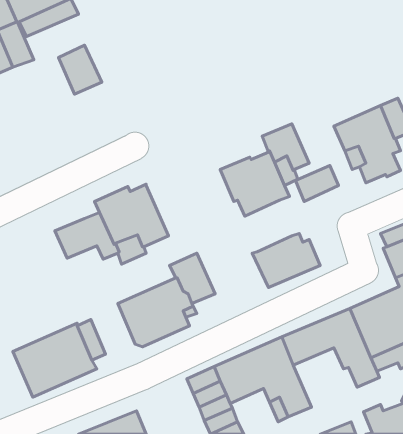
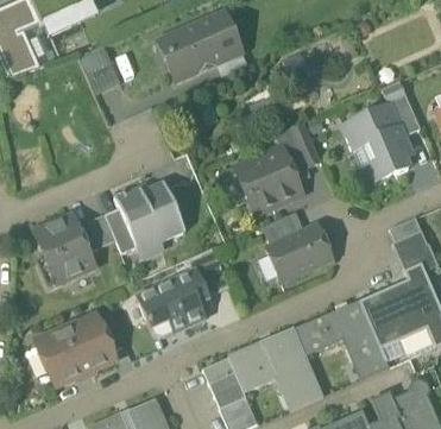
building: none -> [165,11,242,78]
building: [295,166,339,201] -> [263,210,304,245]
building: none -> [34,214,95,286]

